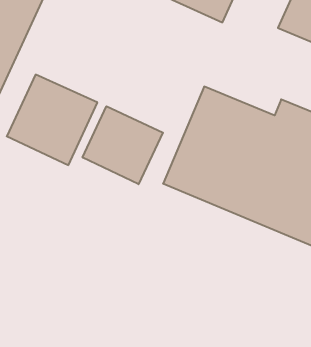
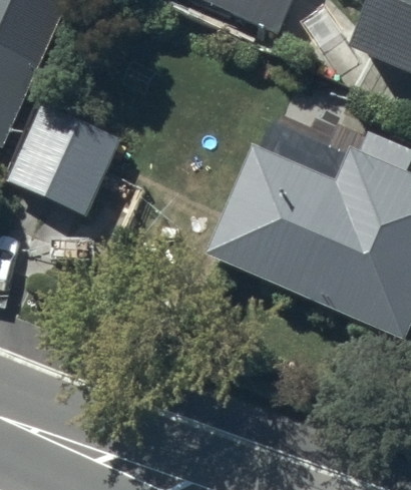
building: [83,106,163,184] -> none

